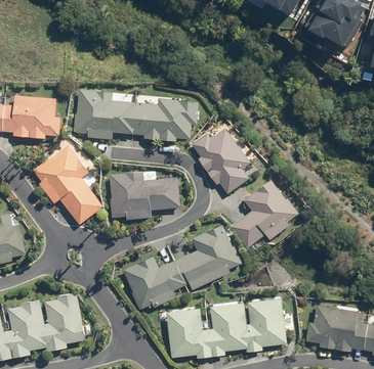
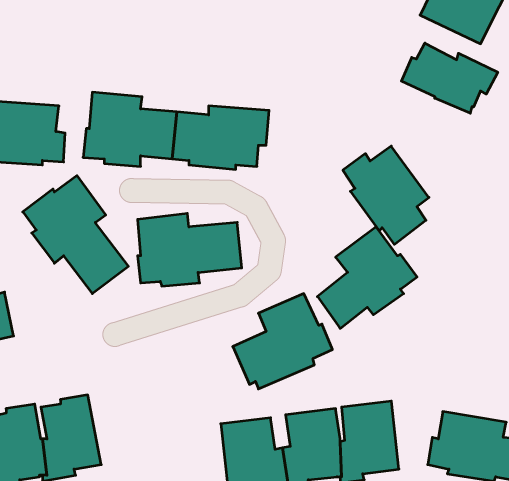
building: none -> [401,43,498,113]
building: [192,127,250,193] -> [343,146,429,244]
building: [122,256,184,308] -> none

